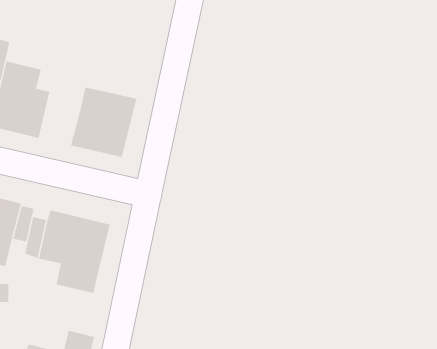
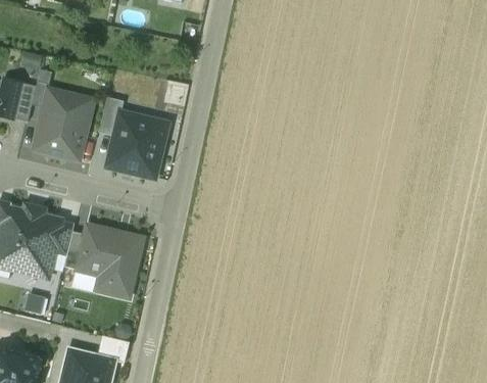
building: none -> [98,96,124,135]

